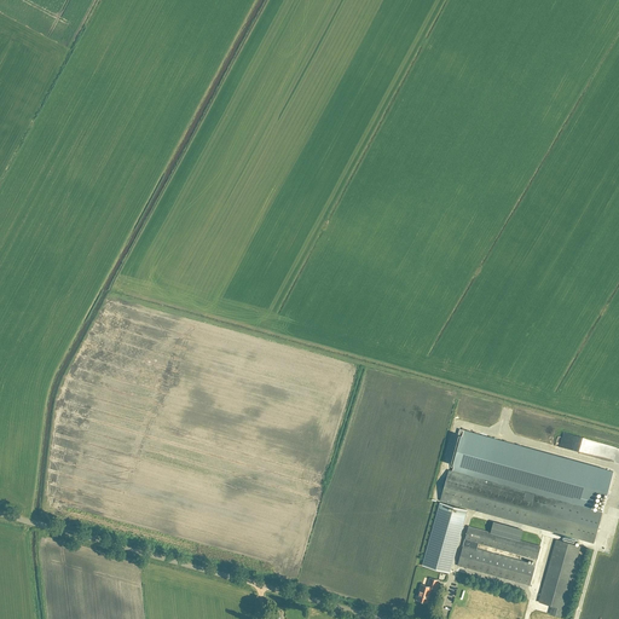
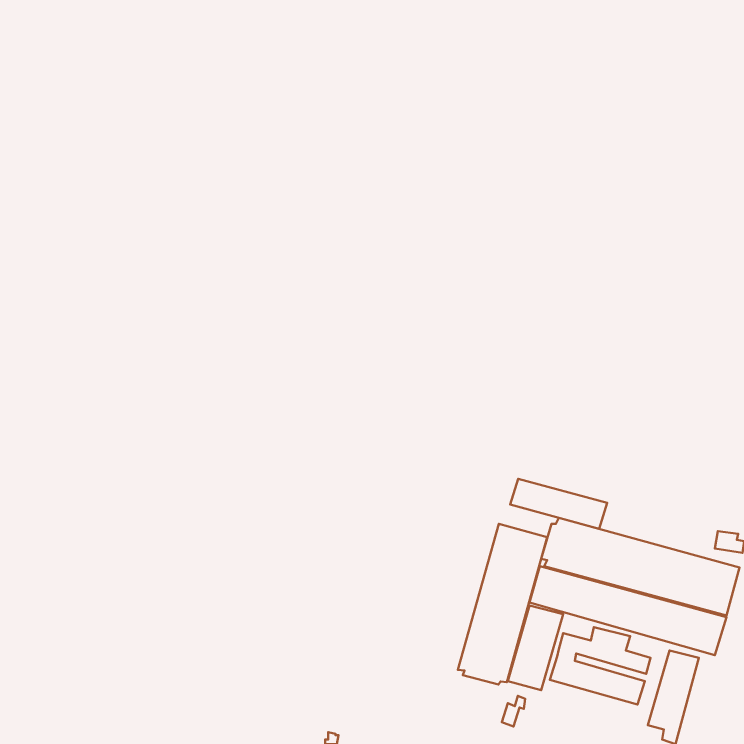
building: none -> [510,479,607,529]
building: none -> [458,524,547,684]

